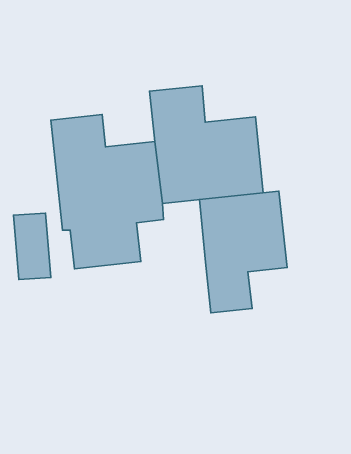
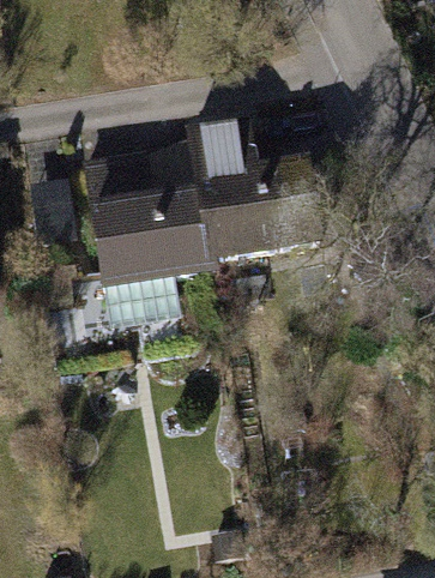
building: [200,191,287,313] -> none

